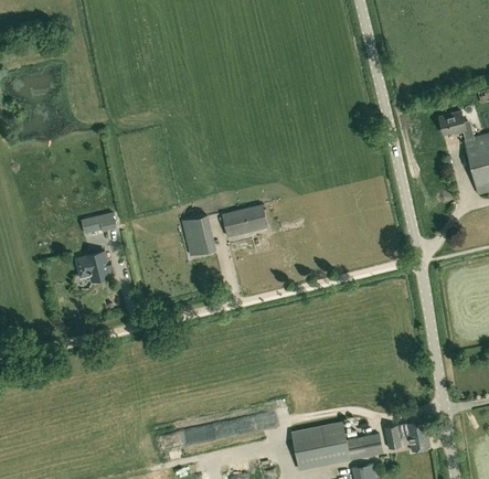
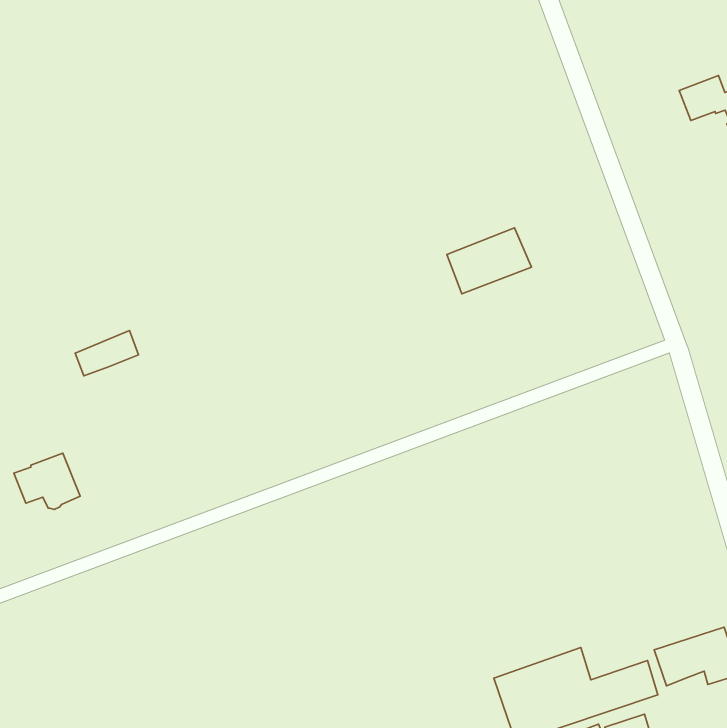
building: [222,204,268,237] -> [447,228,531,294]
building: [182,215,216,256] -> none
building: [76,252,111,283] -> [14,453,80,510]

